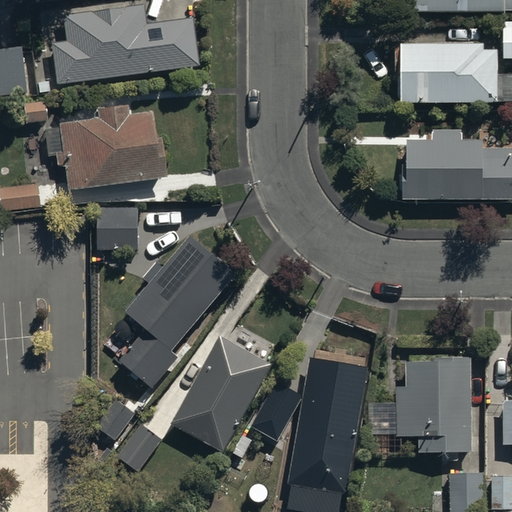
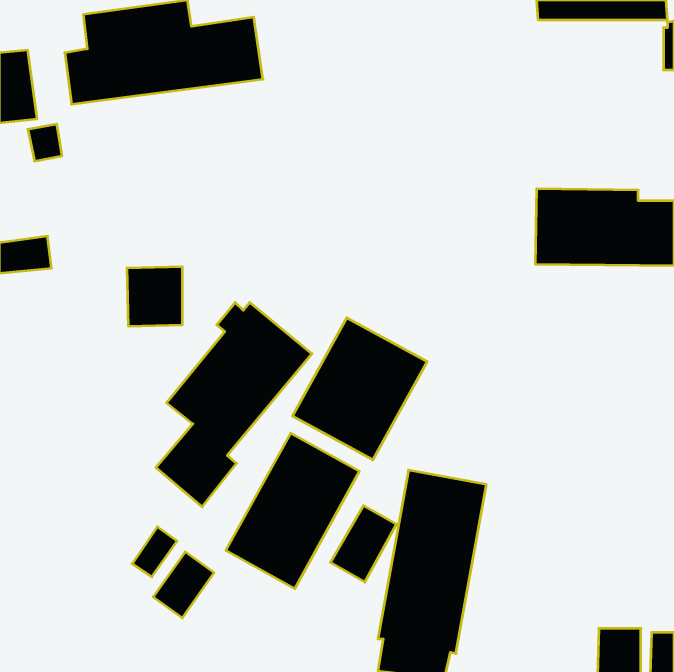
building: [403,49,498,110] -> none
building: [42,100,165,185] -> none
building: none -> [293,318,427,460]
building: [397,369,472,457] -> none

